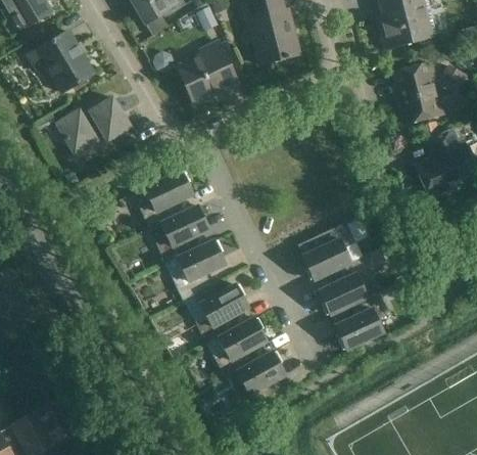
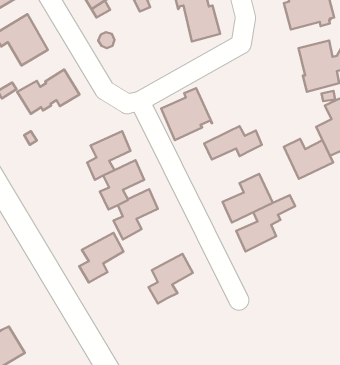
building: [177,42,238,104] -> [161,88,212,140]
building: none -> [204,126,262,160]
building: none -> [284,139,333,179]
building: [195,284,248,344] -> [79,233,124,282]
building: [335,291,388,350] -> none
building: [233,352,285,411] -> none

